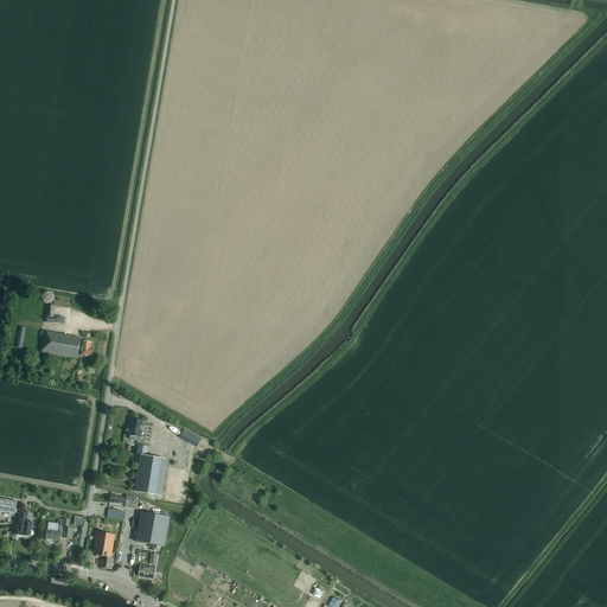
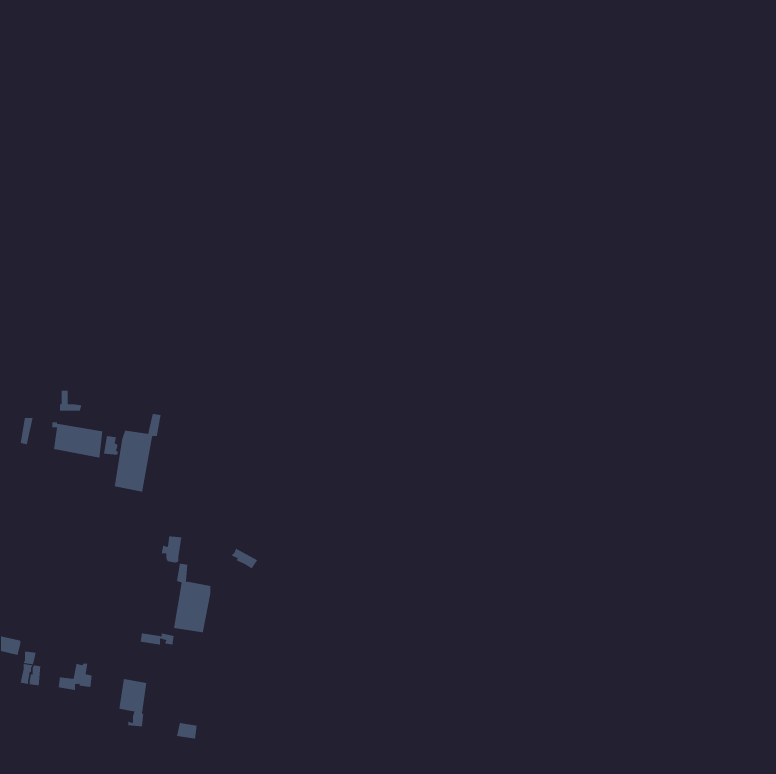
building: none -> [114,413,161,492]
building: [135,511,170,545] -> none

